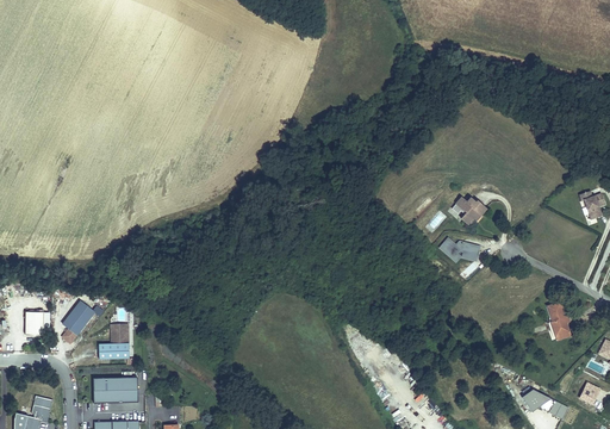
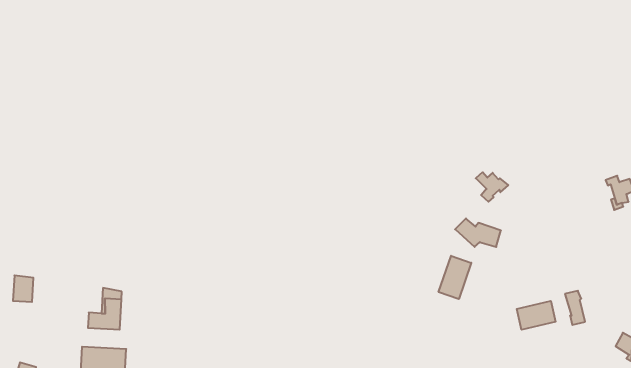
building: none -> [439,256,471,299]
building: [61,301,95,346] -> none
building: none -> [517,301,556,330]

